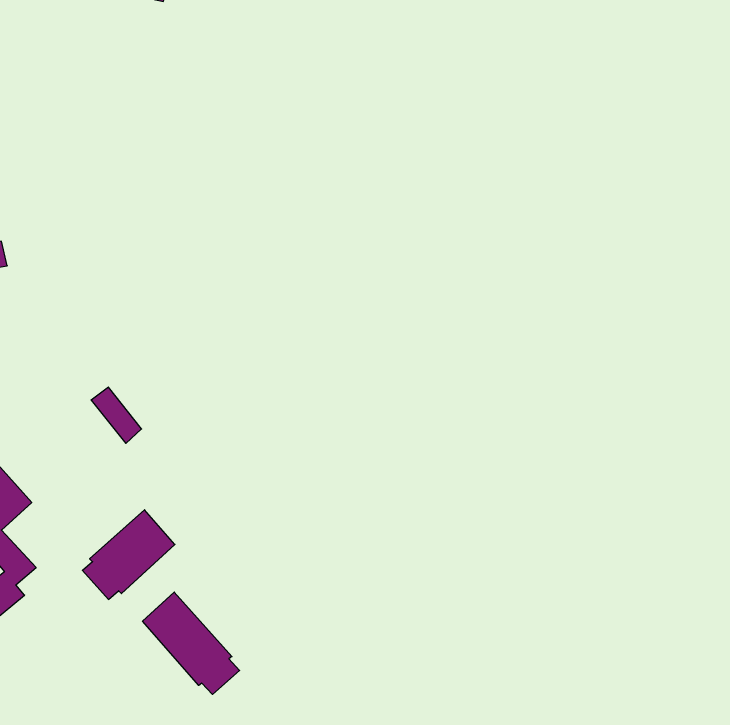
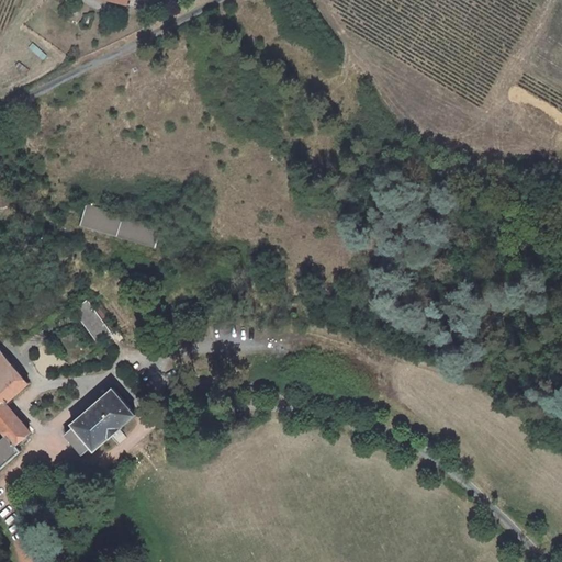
building: none -> [75,203,156,245]
building: [143,592,240,694] -> none

